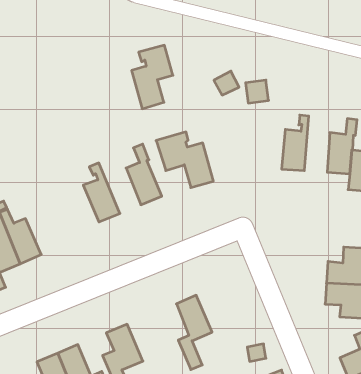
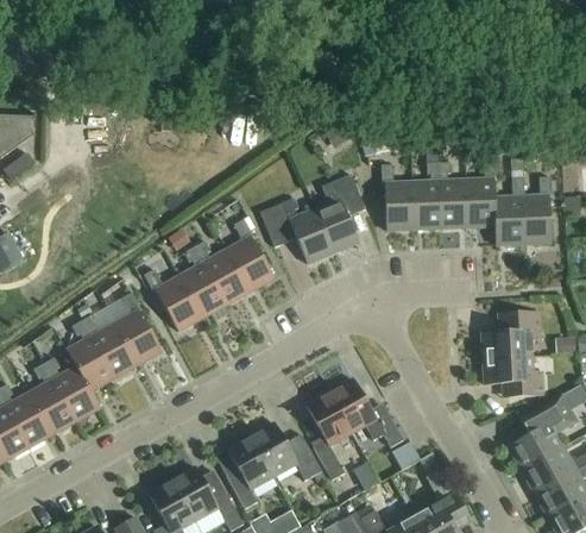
building: [132,45,173,109] -> [315,175,365,253]
building: none -> [380,164,412,231]
building: none -> [437,162,467,228]
building: none -> [194,242,250,305]
building: none -> [144,269,202,332]
building: none -> [114,293,162,364]
building: none -> [328,378,403,447]
building: none -> [250,422,321,481]

